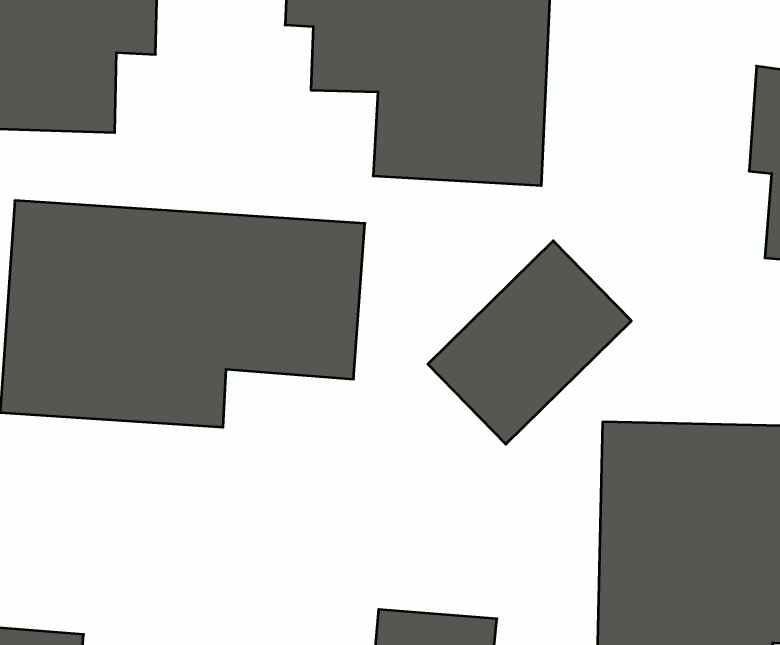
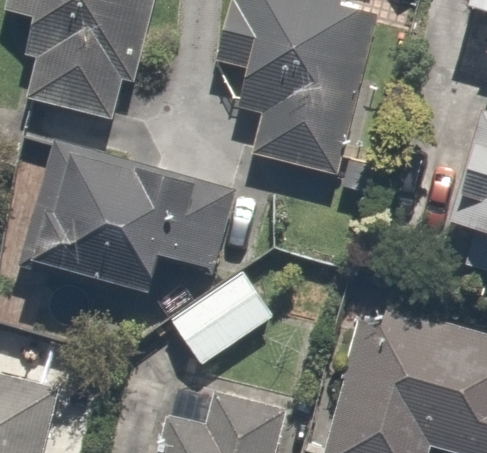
building: [428,241,631,444] -> [172,261,285,367]

